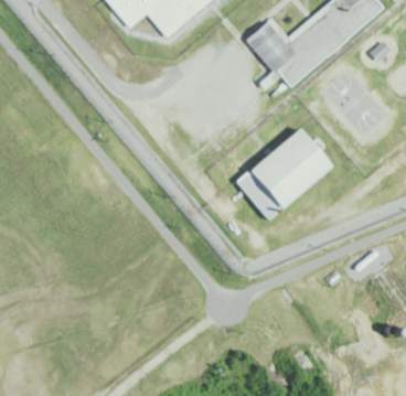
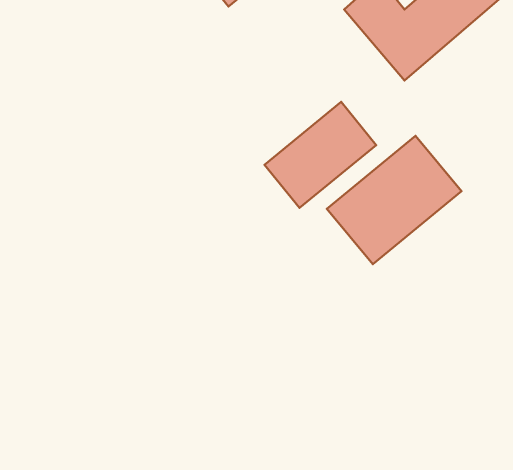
building: none -> [264,102,376,208]

